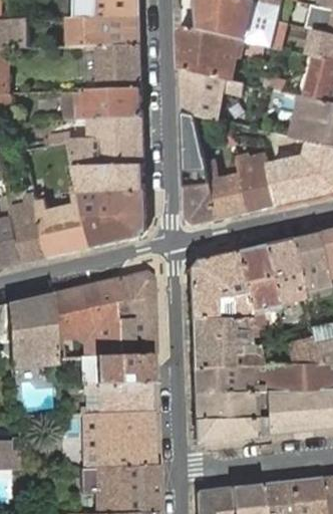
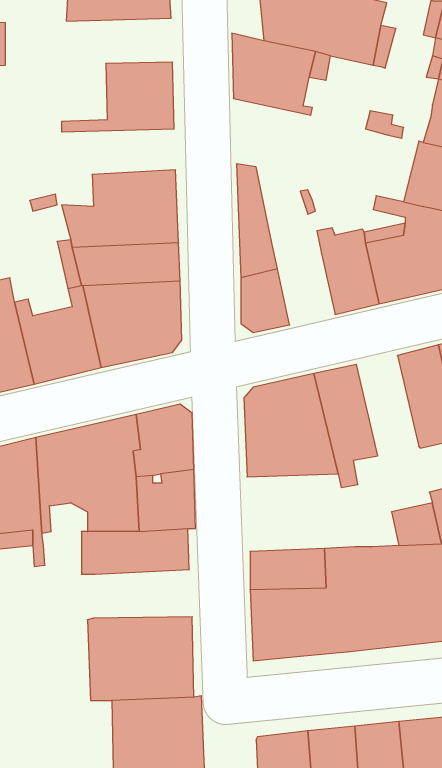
building: [69,16,139,46] -> none
building: [180,69,244,119] -> none
building: [64,89,141,120] -> none
building: [205,161,247,219] -> none
building: [261,239,302,305] -> none
building: [189,317,260,368] -> none
building: [79,380,152,414] -> none

